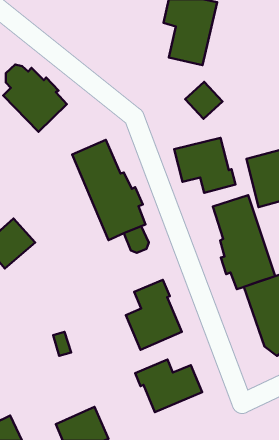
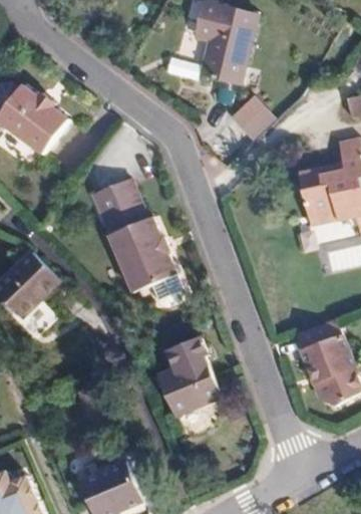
building: [174,138,236,193] -> none
building: [213,195,275,289] -> none
building: [135,359,202,412] -> none

